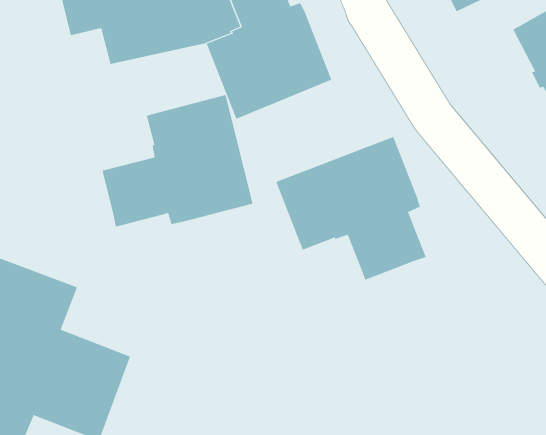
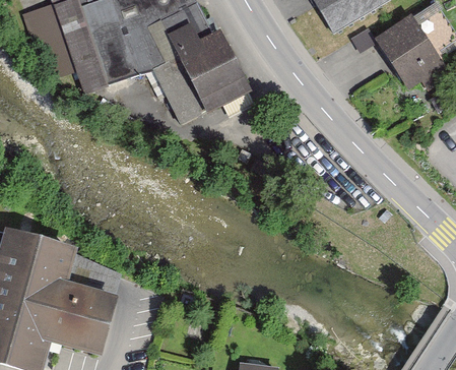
building: [102,94,253,227] -> none
building: [275,136,427,281] -> none

